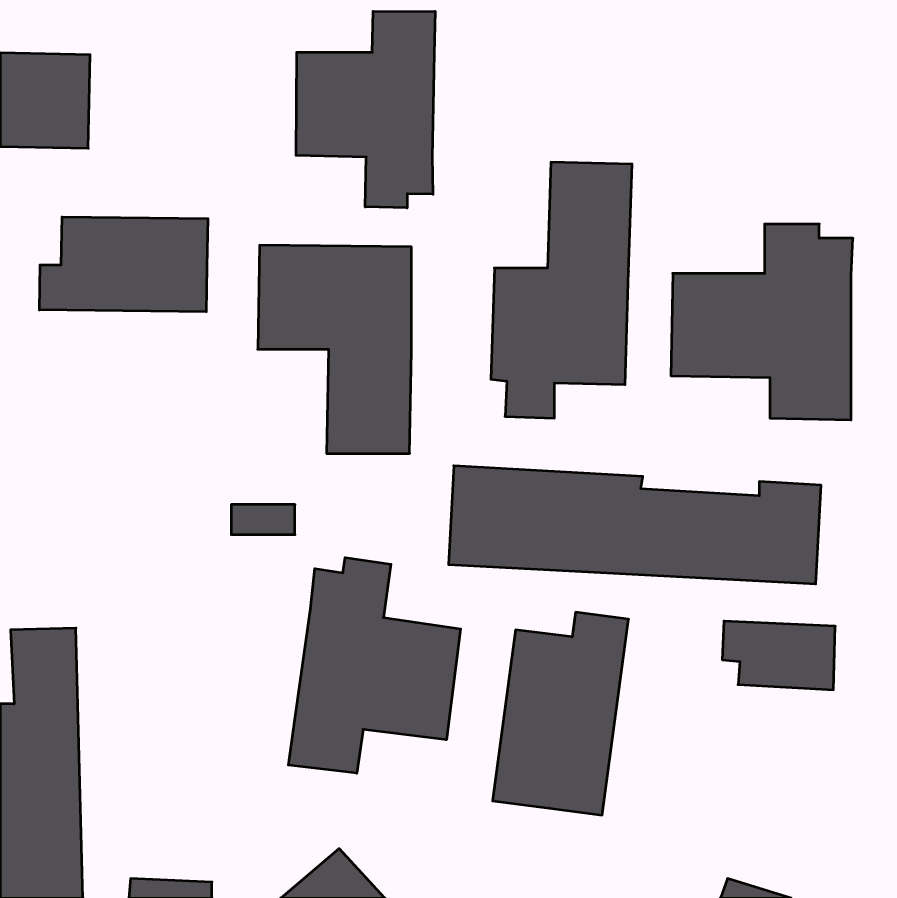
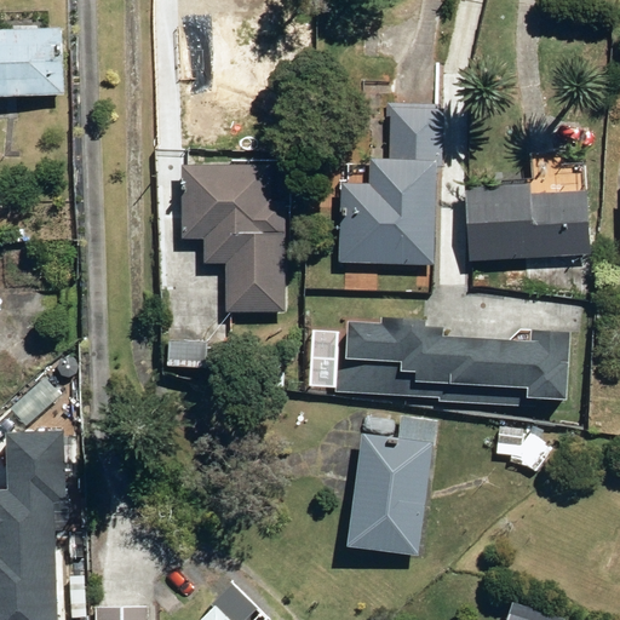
building: [296,11,435,208] -> none
building: [39,217,208,312] -> none
building: [288,558,461,773] -> none

